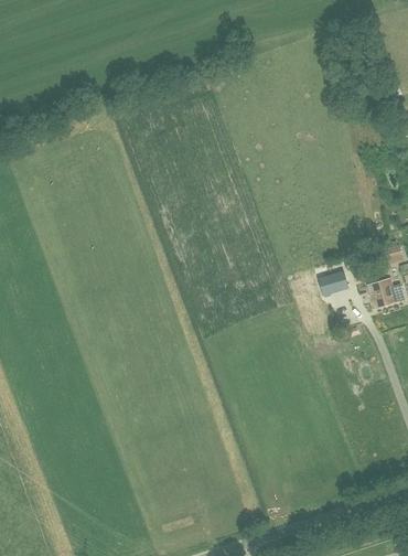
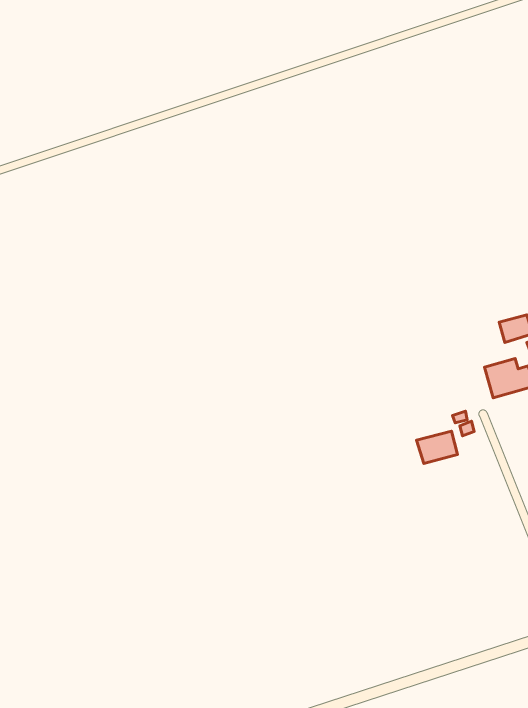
building: [318,270,348,295] -> [417,431,457,463]

